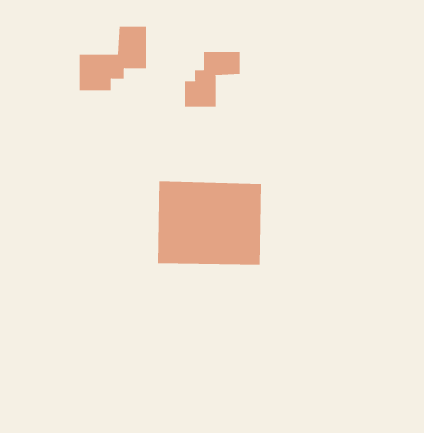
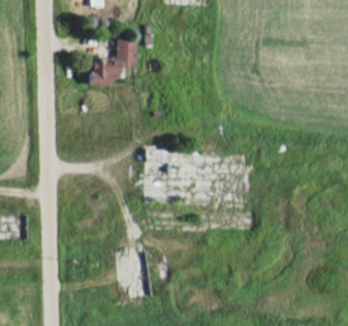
building: [184,51,240,107] -> none

